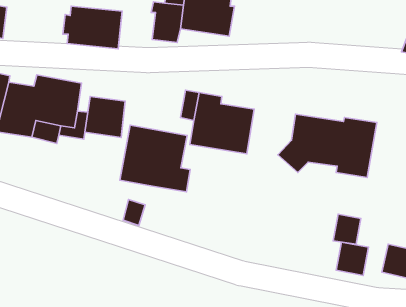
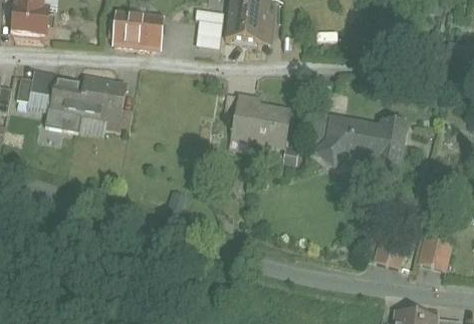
building: [85,96,125,137] -> none
building: [120,125,190,192] -> none
building: [333,214,361,244] -> none

